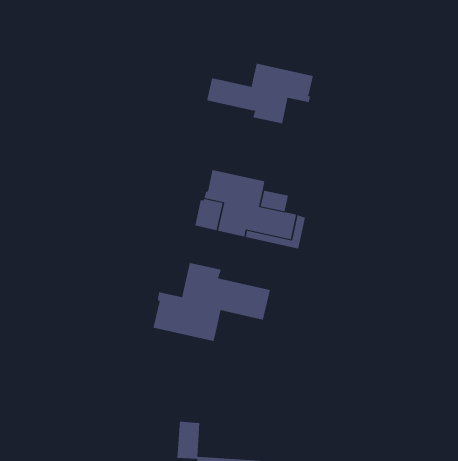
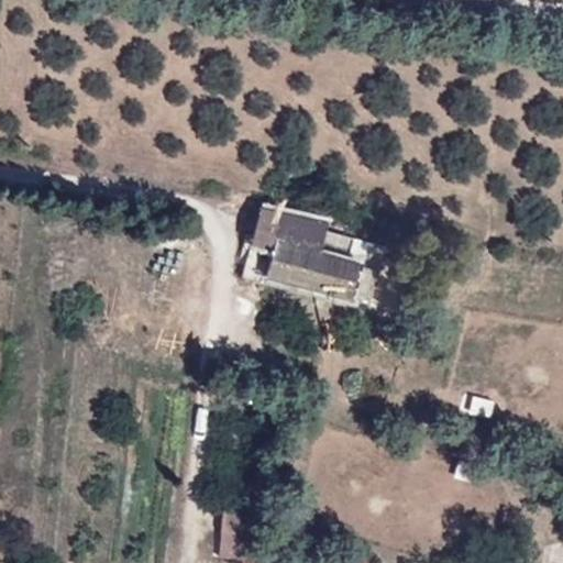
building: [207,63,313,124] -> none
building: [153,262,270,342] -> none

